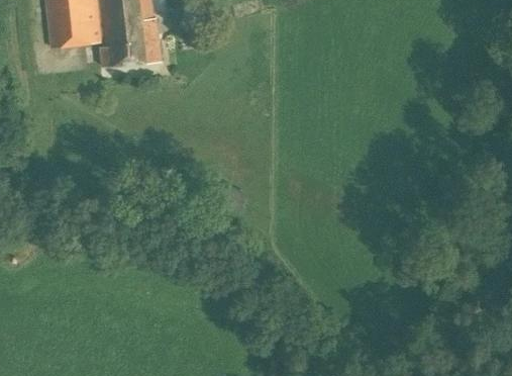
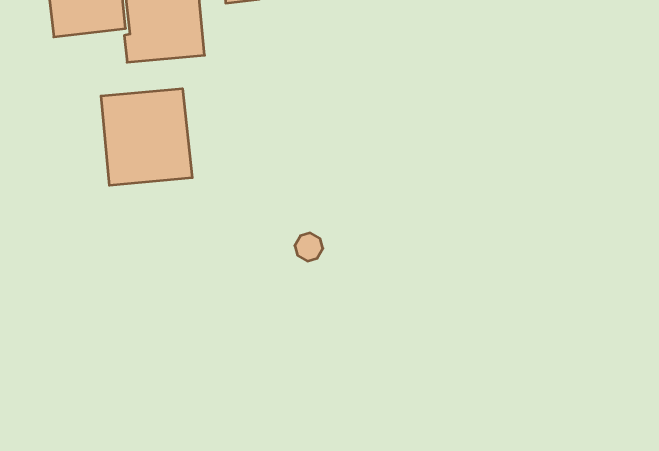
building: none -> [101,89,192,185]

